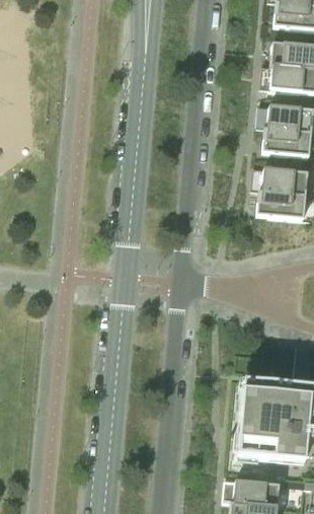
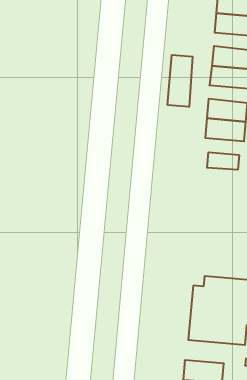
building: none -> [168,55,193,107]
building: none -> [207,152,239,170]

